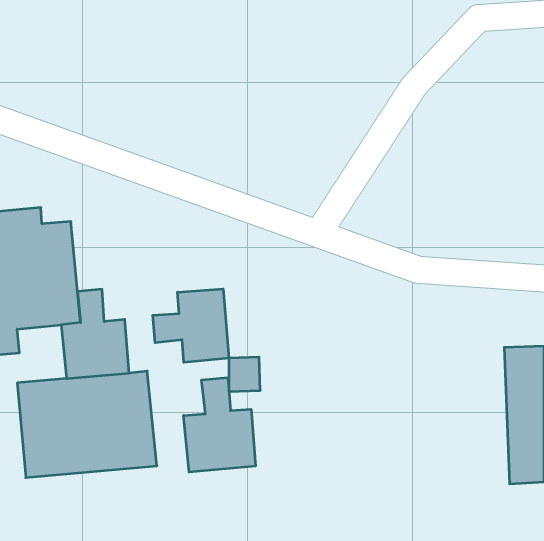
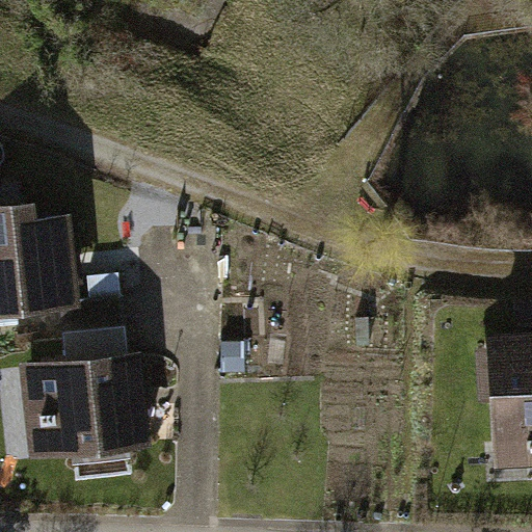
building: [153,289,229,362] -> none
building: [184,378,255,472] -> none

